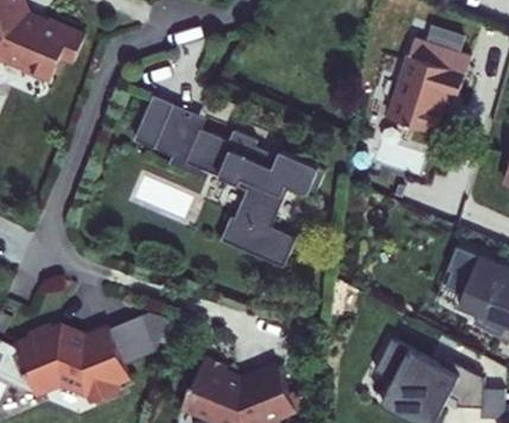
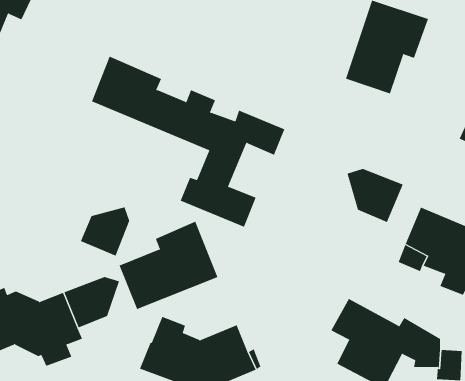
building: none -> [347,168,403,223]
building: none -> [80,207,130,256]
building: none -> [119,221,218,310]

